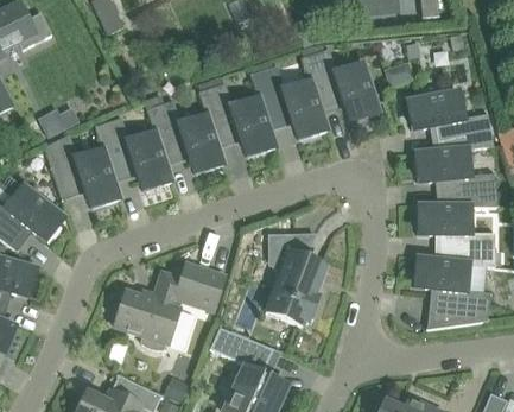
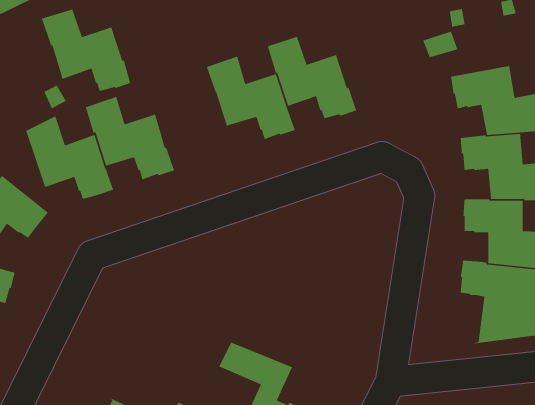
building: [302,47,380,120] -> none
building: [146,100,223,171] -> [41,9,131,92]
building: [266,234,325,325] -> none
building: [114,264,224,349] -> none

